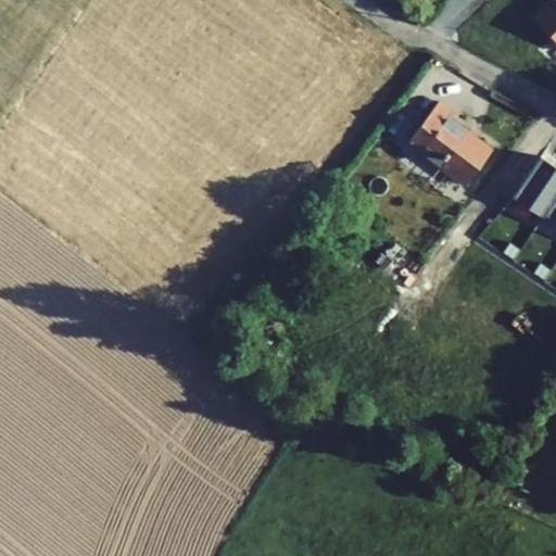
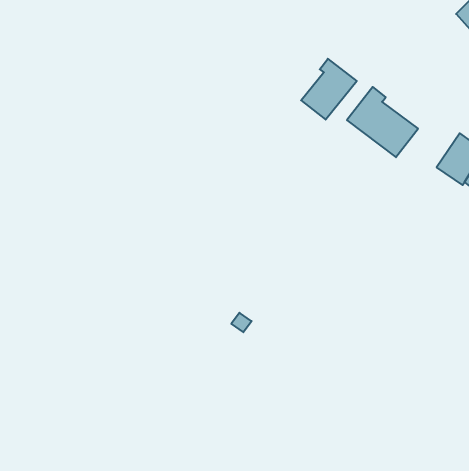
building: none -> [301,59,357,120]

